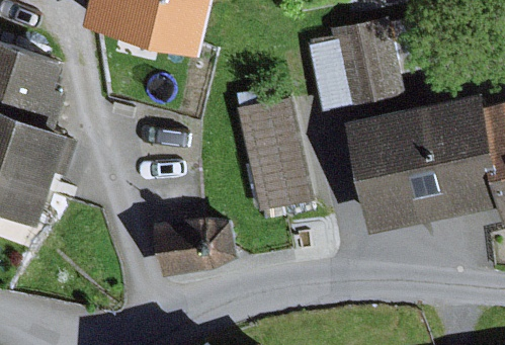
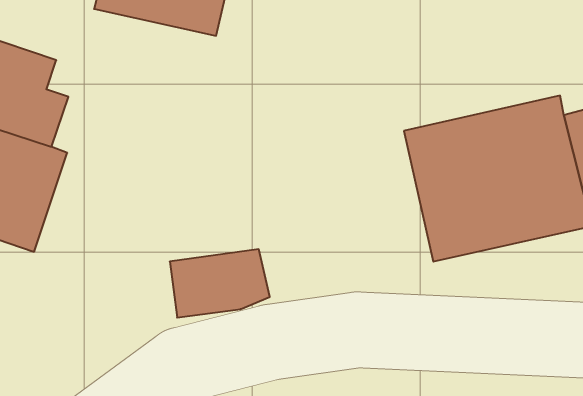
building: [309,19,405,112] -> none
building: [237,98,316,211] -> none

